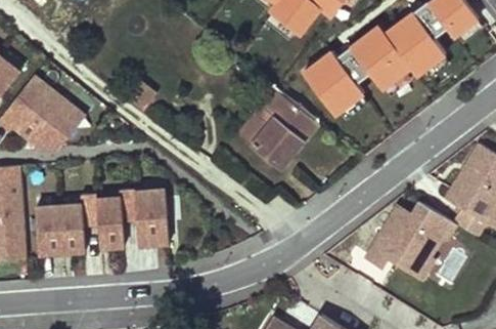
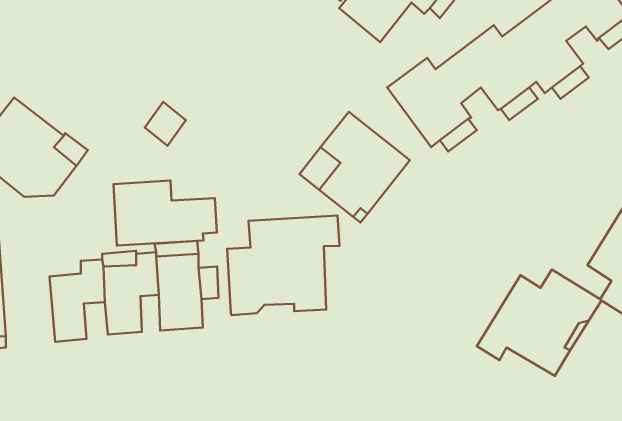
building: none -> [113,181,217,246]
building: none -> [227,216,339,315]
building: [36,207,62,255] -> none

